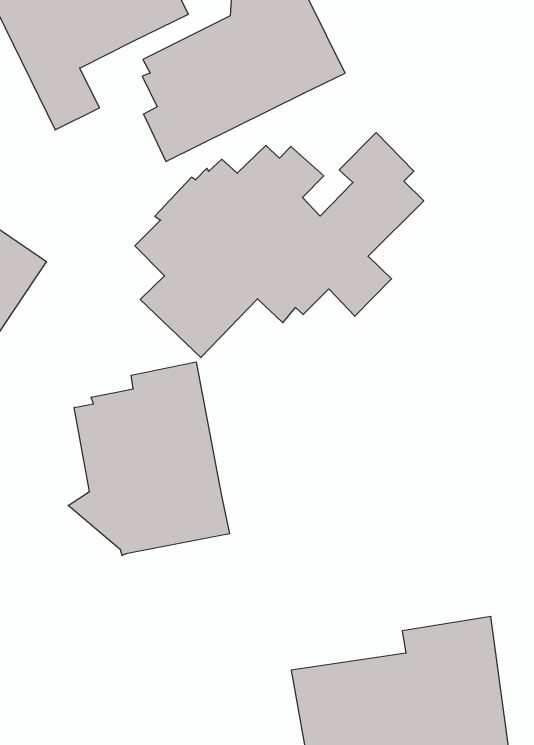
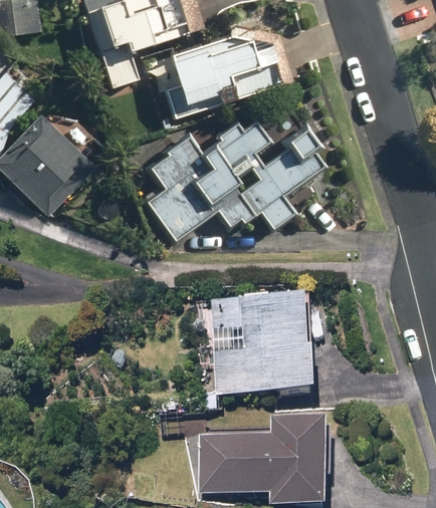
building: [68,362,230,556] -> none
building: none -> [214,296,314,397]

